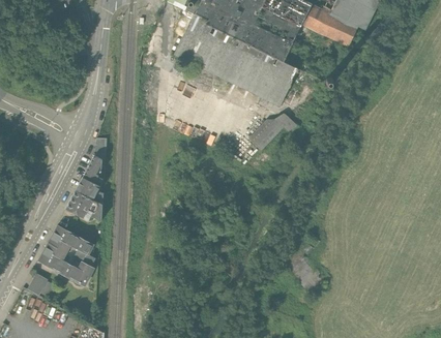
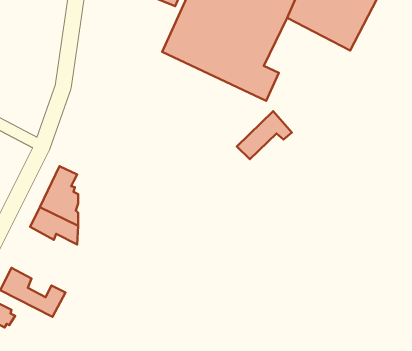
building: [48,229,98,266] -> none

